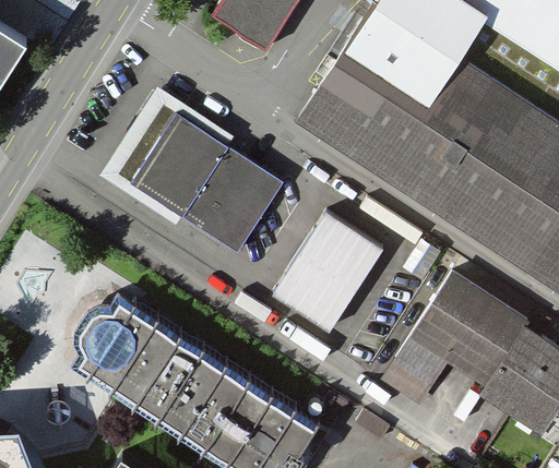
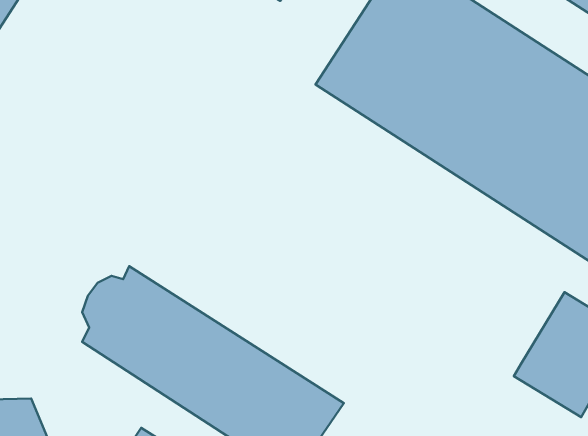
building: [97,91,290,257] -> none
building: [275,208,390,332] -> none
building: [382,271,528,405] -> none

